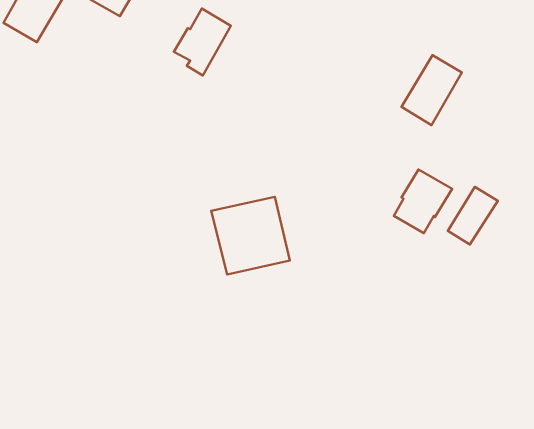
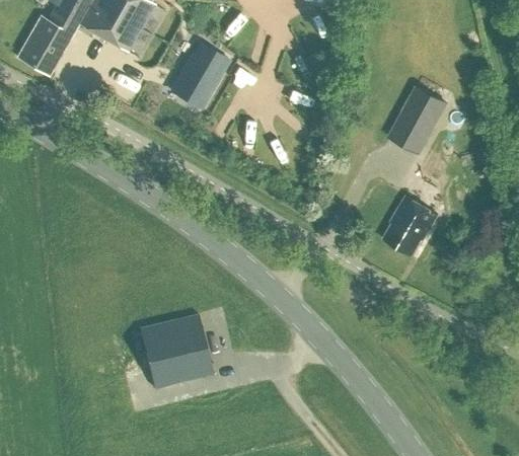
building: [448,187,498,245] -> none
building: [211,197,290,274] -> [138,313,212,386]

